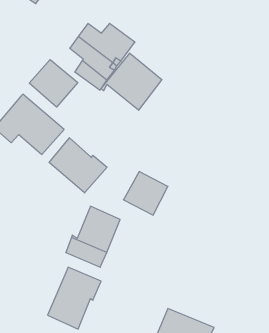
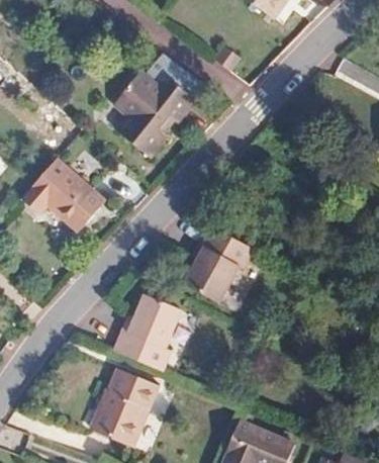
building: [101,53,162,110] -> none
building: [29,60,78,107] -> none
building: [49,138,107,193] -> none
building: none -> [198,225,251,270]

